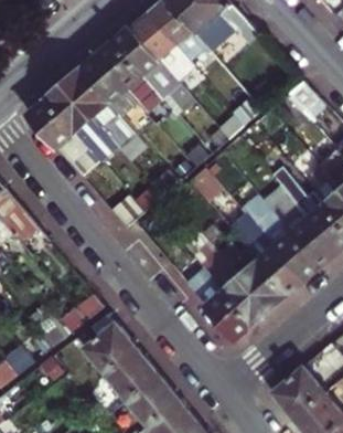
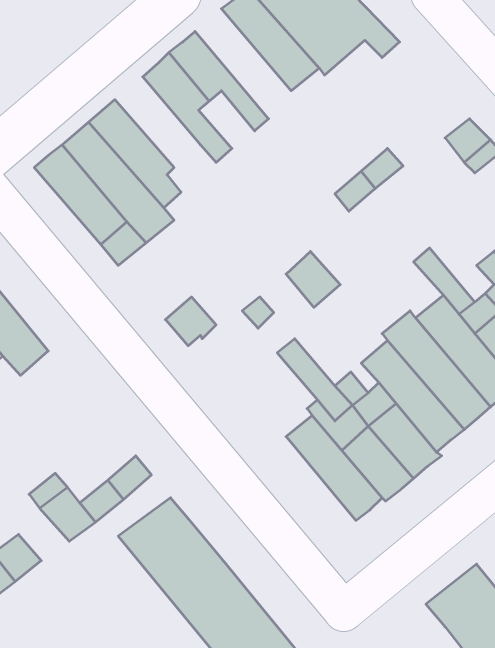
building: [129,13,194,84] -> none
building: [78,56,132,114] -> none

